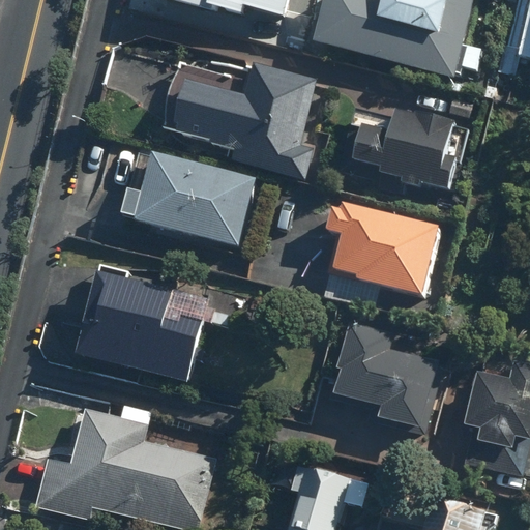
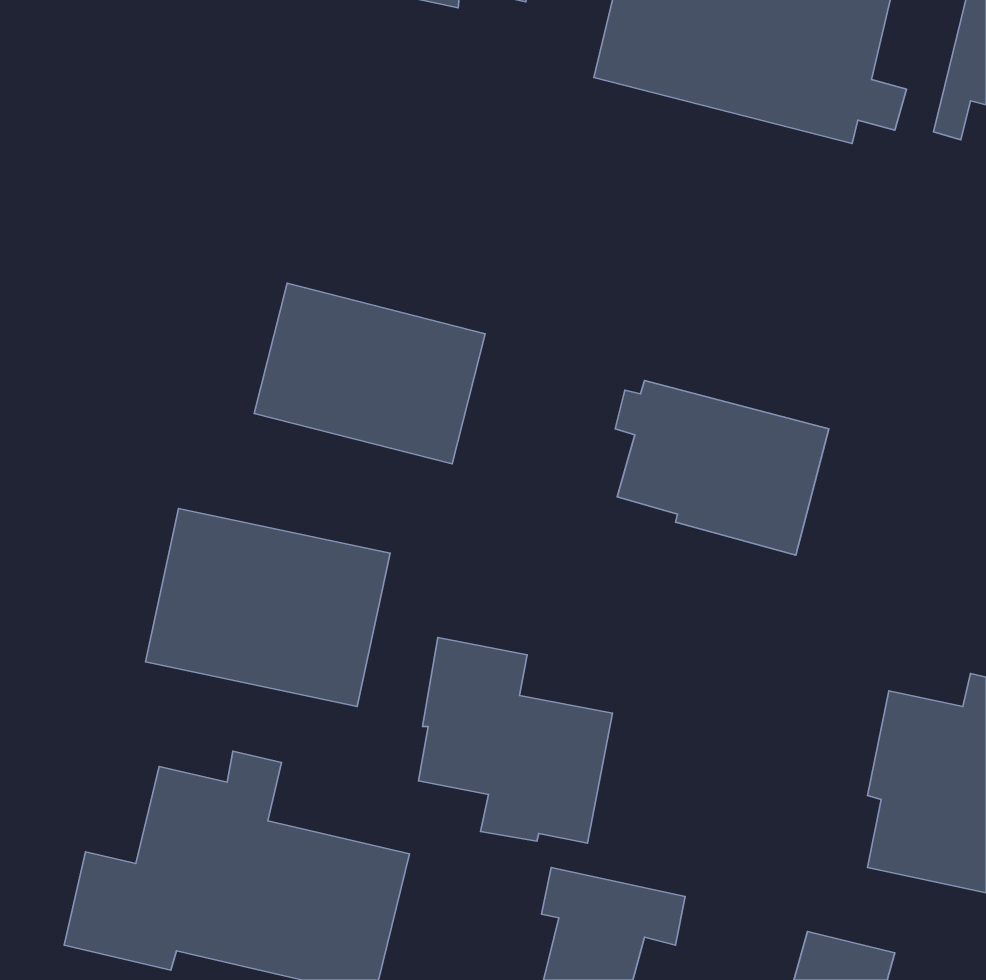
building: [175,61,318,180] -> none
building: [336,107,459,192] -> none
building: [335,318,439,428] -> [419,637,613,843]

